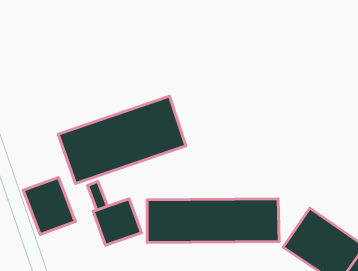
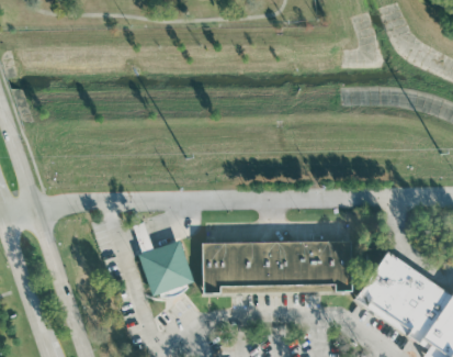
building: [58,96,186,184] -> none
building: [23,178,76,234] -> none

